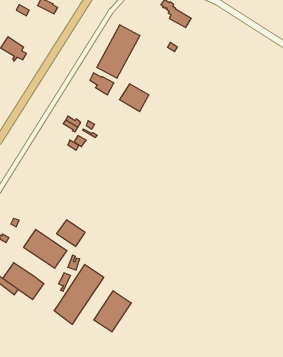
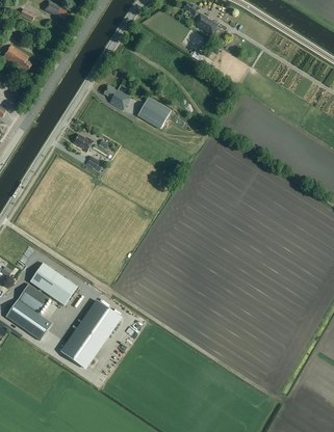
building: [97,25,140,78] -> none
building: [57,220,85,246] -> [18,282,50,313]
building: [94,291,131,332] -> none

